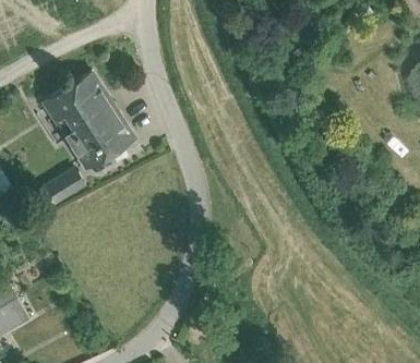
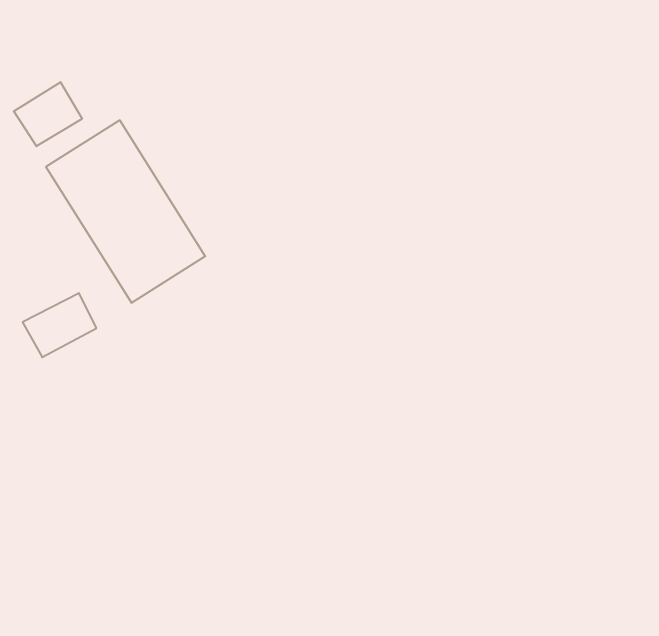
building: none -> [14,82,82,146]

